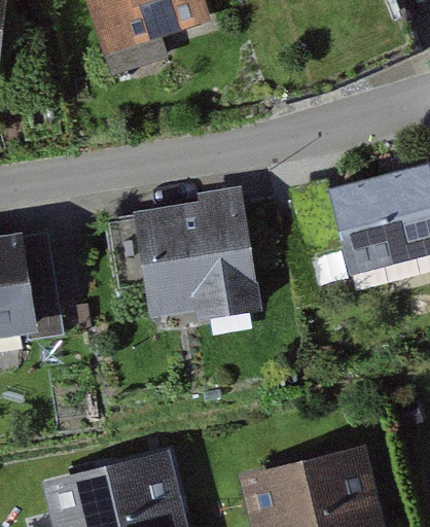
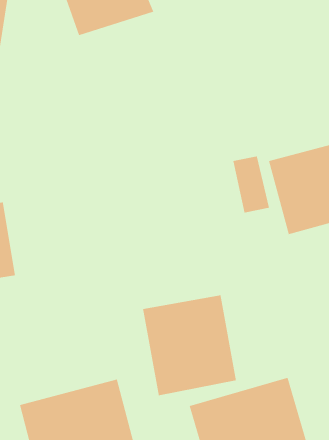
building: [137,194,264,323] -> none
building: none -> [142,294,236,396]

